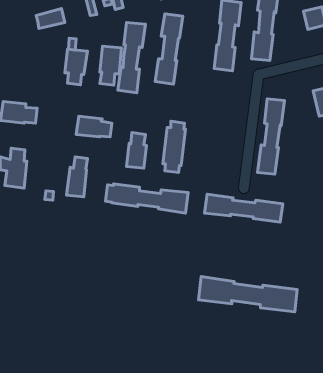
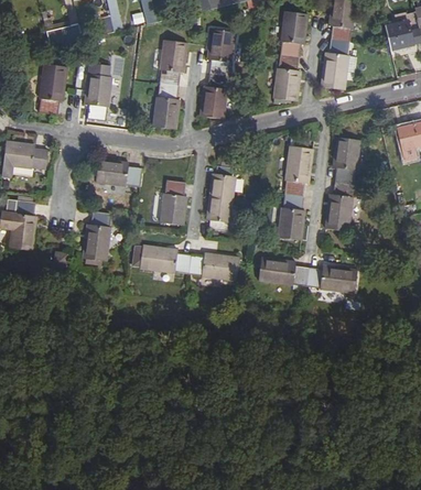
building: [100,46,122,85] -> [39,65,66,115]
building: none -> [279,146,314,241]
building: [199,277,297,312] -> none

